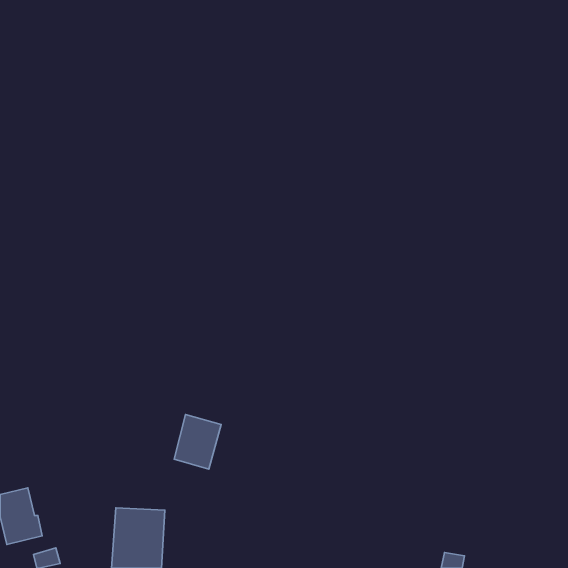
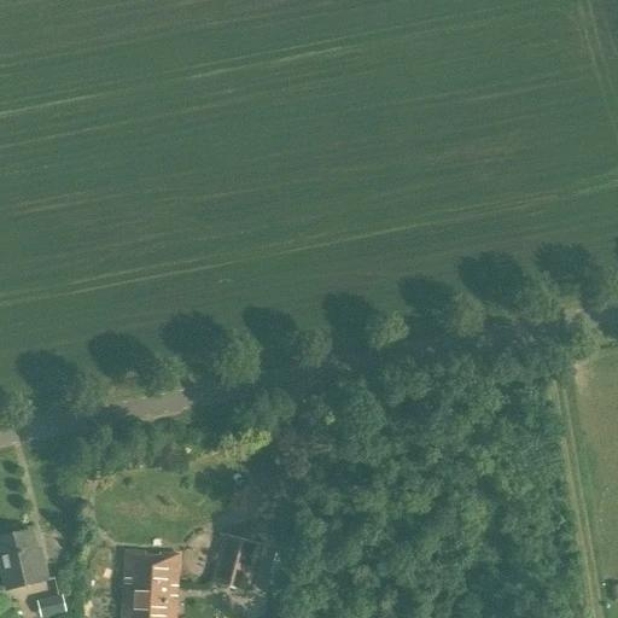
building: [174,415,221,469] -> [211,534,262,593]

